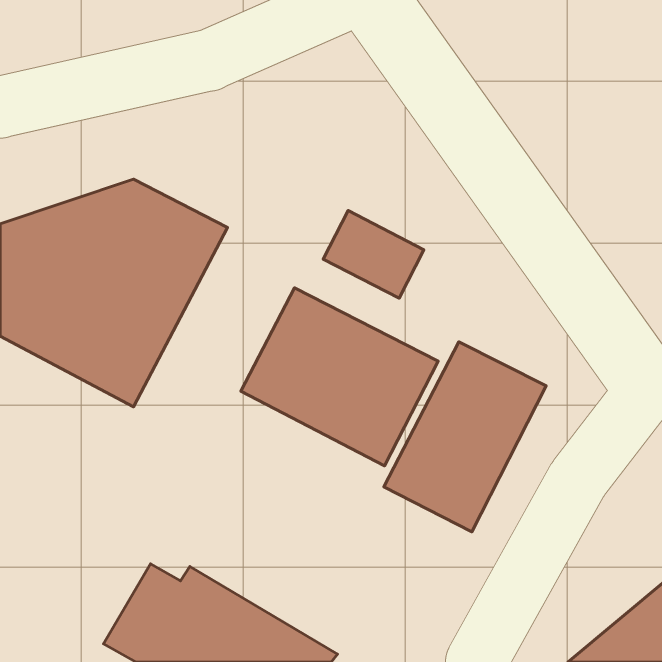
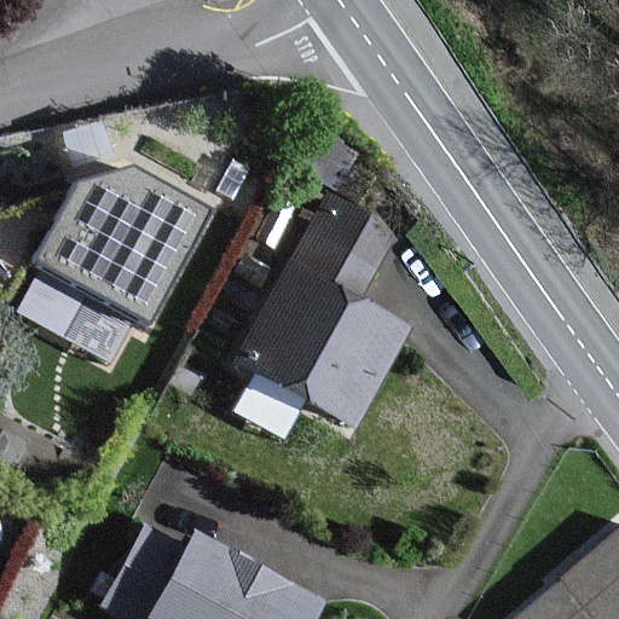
building: [384,342,546,532] -> none

